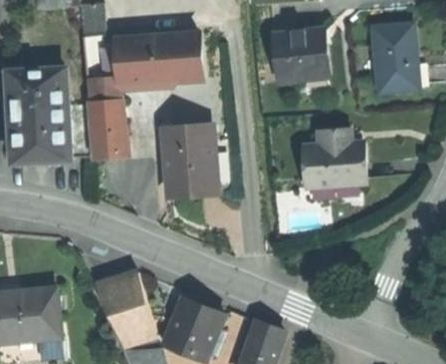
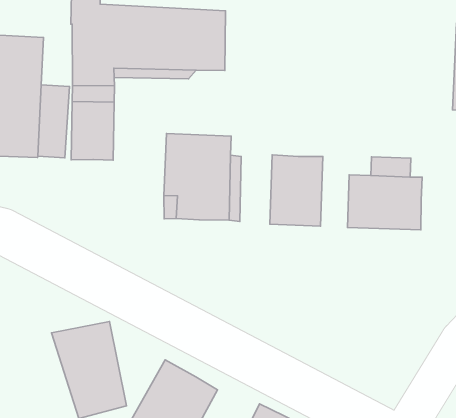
building: [270,26,326,79] -> none
building: none -> [270,155,323,226]

